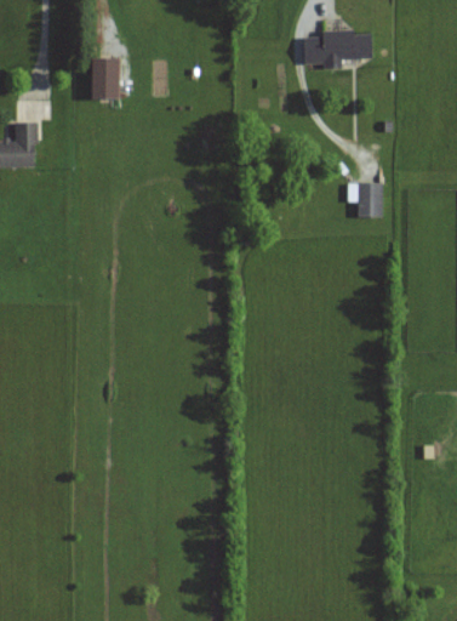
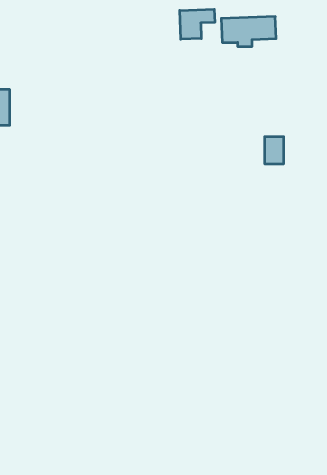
building: none -> [180,9,215,39]
building: [90,57,118,99] -> none

